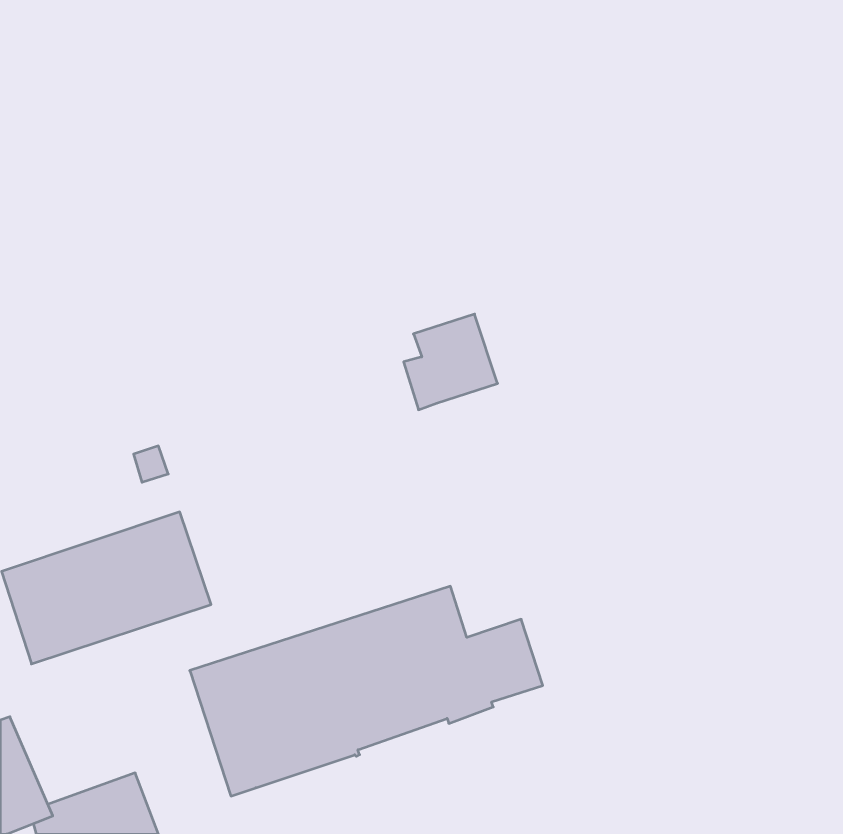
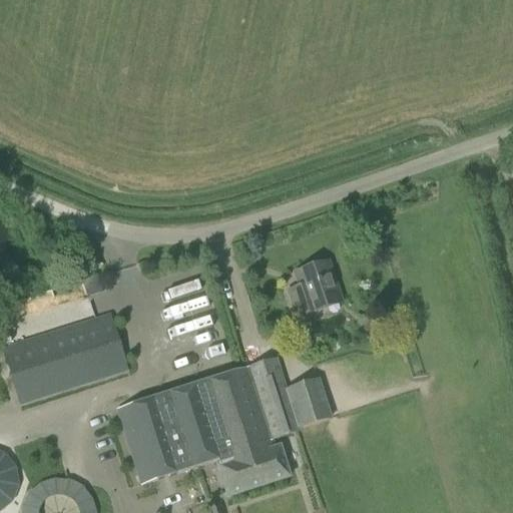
building: [404,314,498,410] -> [286,258,343,316]
building: none -> [216,436,289,494]

